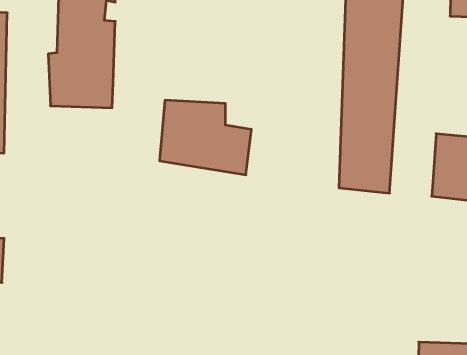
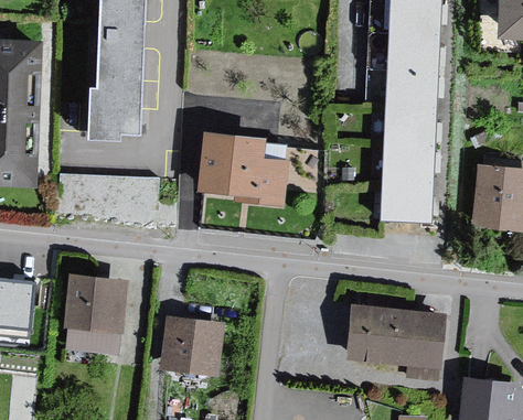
building: none -> [65,163,162,211]
building: none -> [65,271,128,359]
building: none -> [348,304,446,381]
building: none -> [161,314,226,375]

